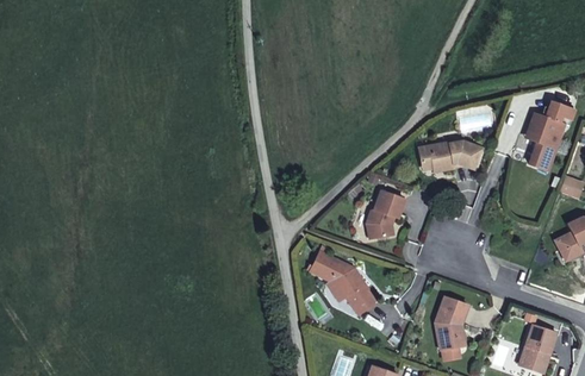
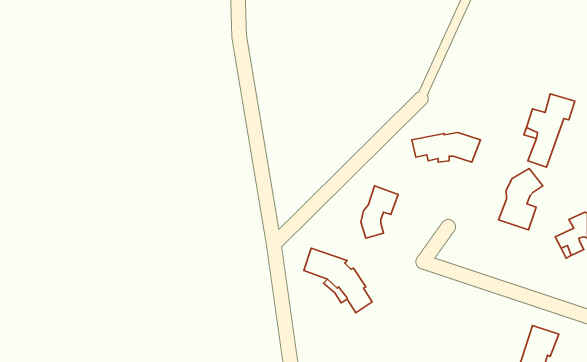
building: none -> [499,168,543,230]
building: [434,297,467,351] -> none

